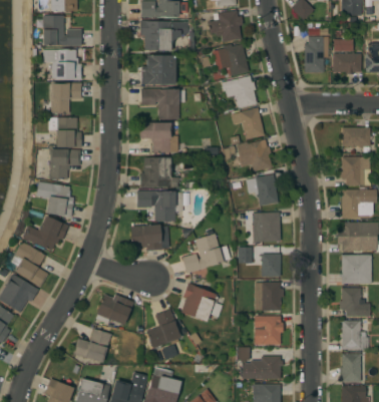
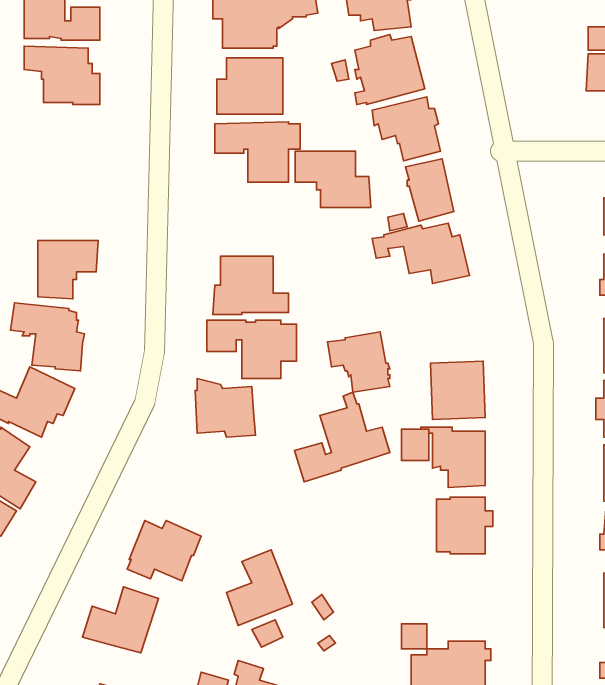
building: [304,36,328,72] -> none
building: [43,82,81,113] -> none
building: [47,117,81,147] -> none
building: [139,122,178,151] -> [295,151,371,207]
building: [246,174,278,206] -> [328,332,390,392]
building: [180,283,223,322] -> none
building: [254,316,283,345] -> none

